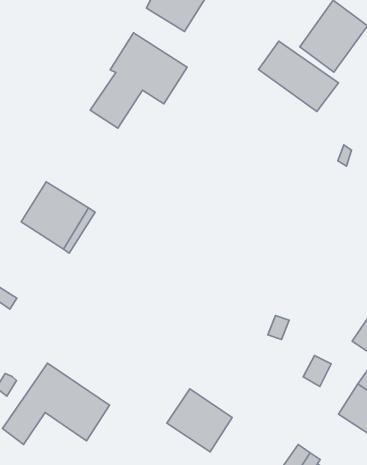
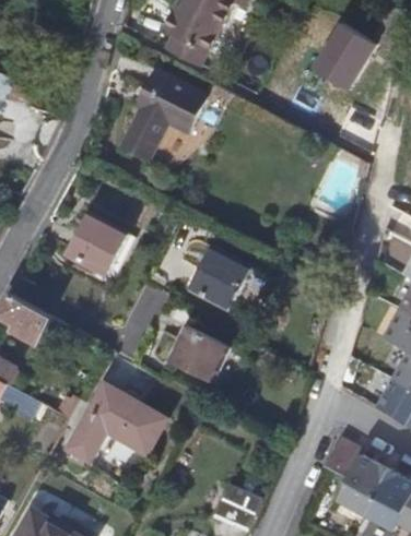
building: [259,41,338,112] -> none
building: none -> [191,248,251,310]
building: [167,389,232,452] -> [167,326,227,383]

